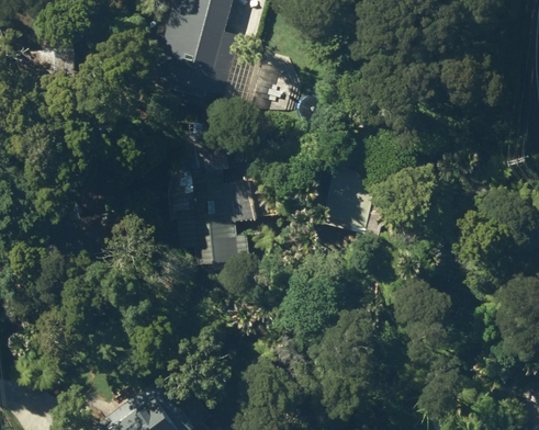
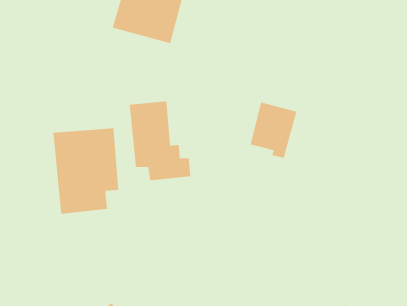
building: none -> [53,128,119,215]

